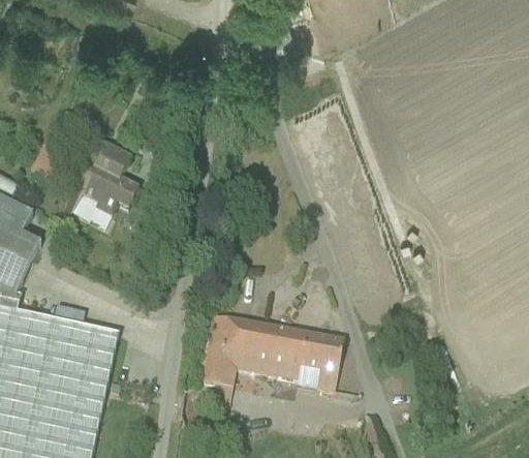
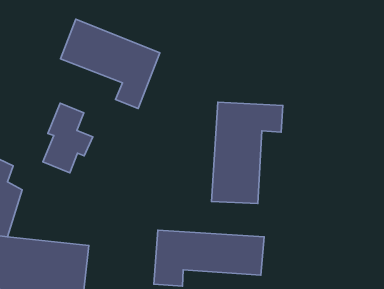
building: none -> [61,19,160,109]
building: none -> [211,102,283,204]

